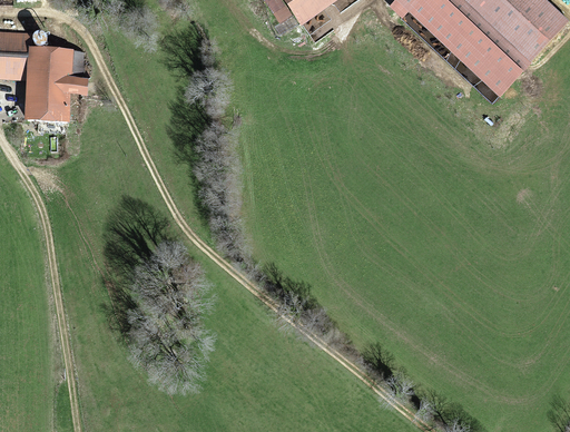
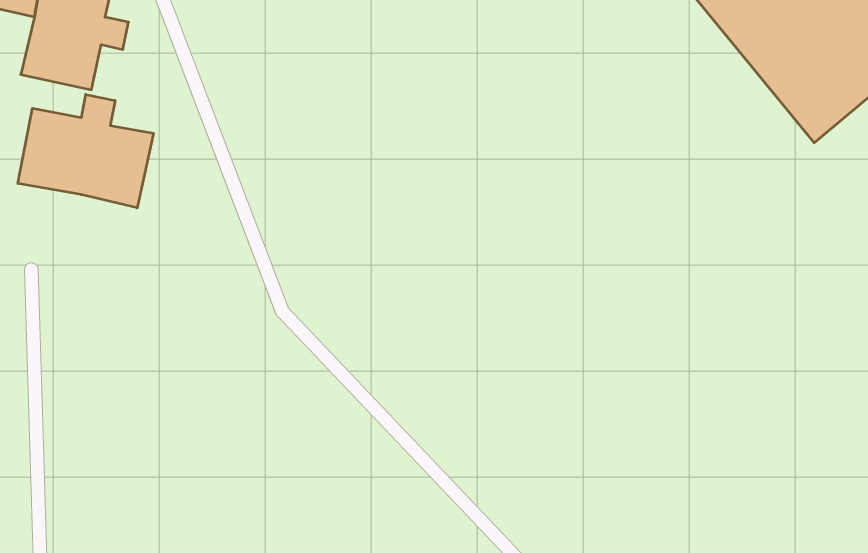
building: none -> [18,94,153,208]

